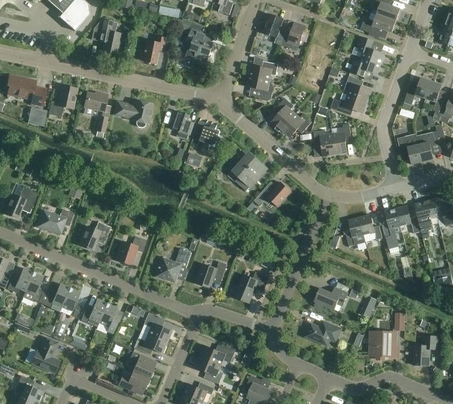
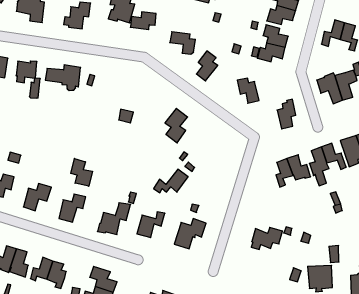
building: [250,60,278,79] -> [130,12,156,30]
building: [172,111,194,139] -> none
building: [281,114,312,137] -> none
building: [196,117,222,146] -> none
building: [332,124,351,154] -> [277,99,296,129]
building: [254,182,291,206] -> [154,169,188,193]
building: none -> [71,158,92,186]
building: [305,319,342,344] -> none

